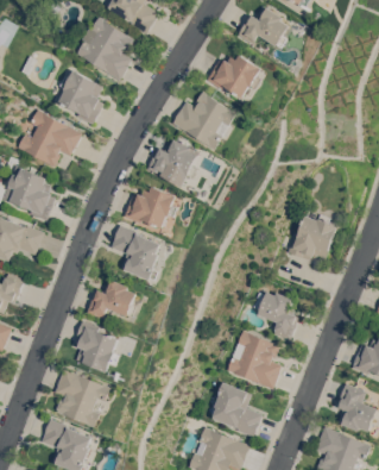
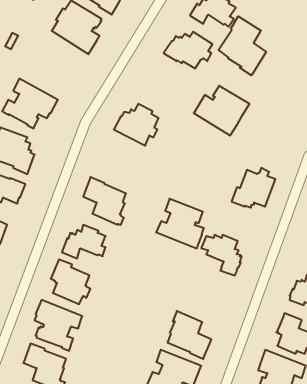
building: none -> [218,16,266,75]
building: [58,70,103,125] -> none
building: [173,92,239,150] -> [194,86,250,135]
building: [125,187,179,228] -> none
building: [225,331,280,389] -> [156,199,204,249]

